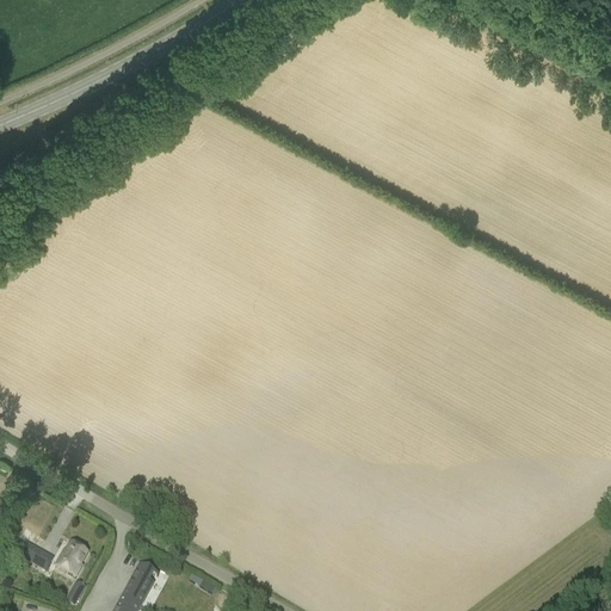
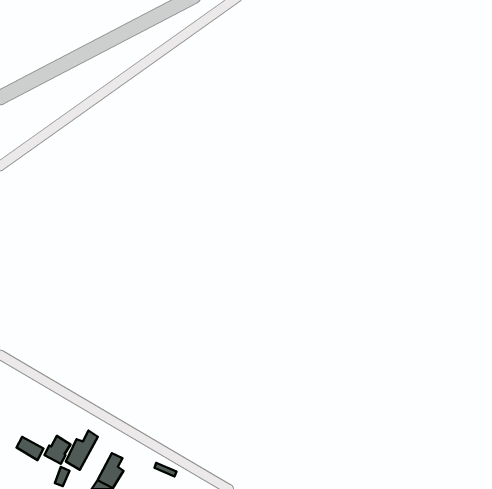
building: none -> [66,431,98,470]

